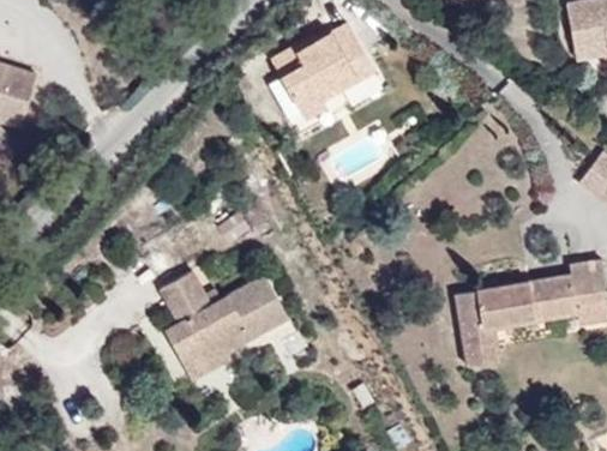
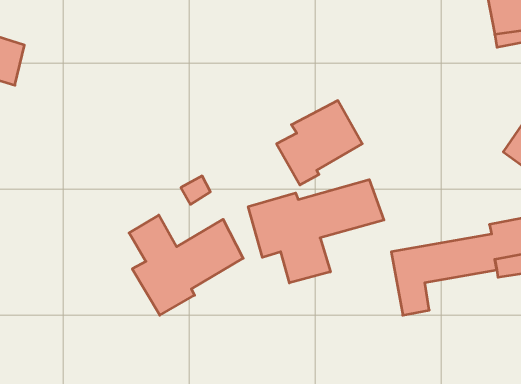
building: [280,25,377,121] -> [277,101,362,185]
building: none -> [248,180,384,283]

